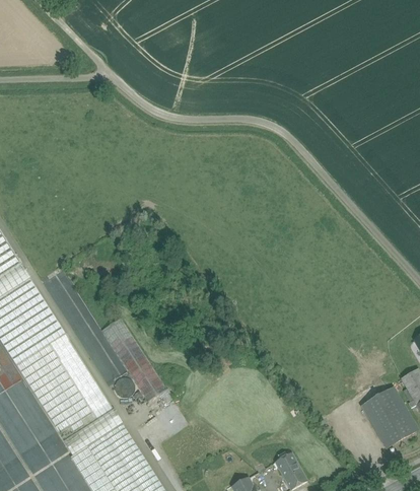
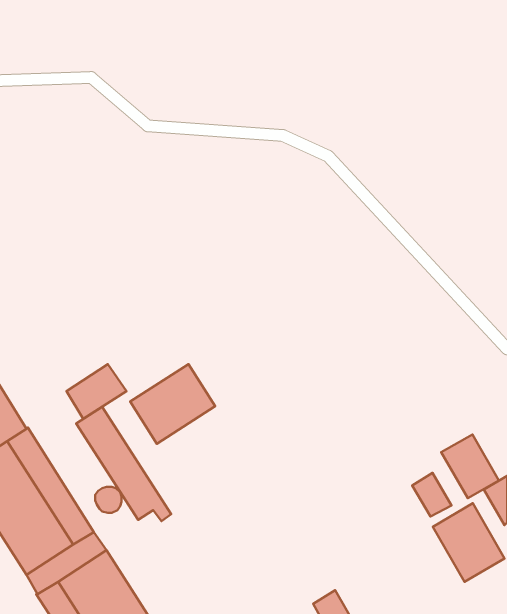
building: none -> [130,364,215,444]
building: none -> [67,364,126,419]
building: none -> [441,435,499,498]
building: none -> [412,473,451,517]

